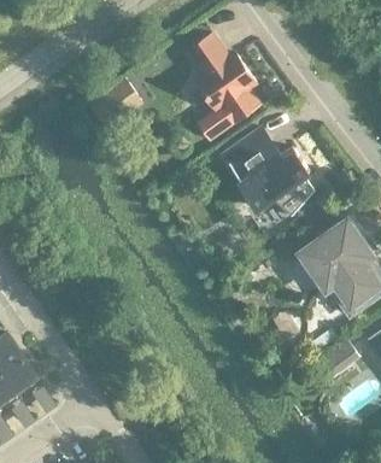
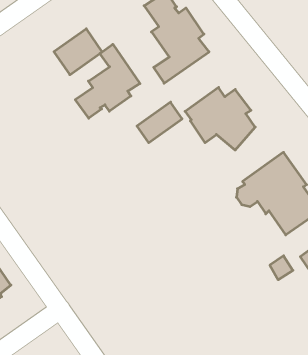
building: none -> [75,44,140,118]
building: [221,127,272,174] -> [137,102,182,143]

